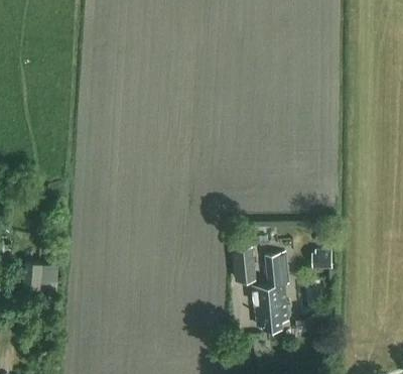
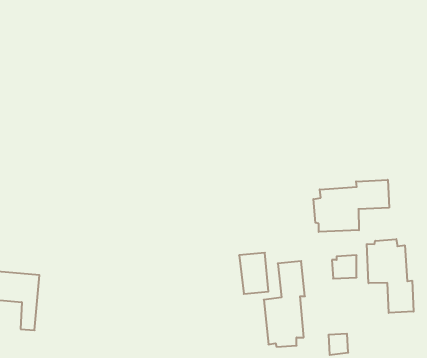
building: none -> [313,180,389,232]
building: none -> [367,239,414,313]

